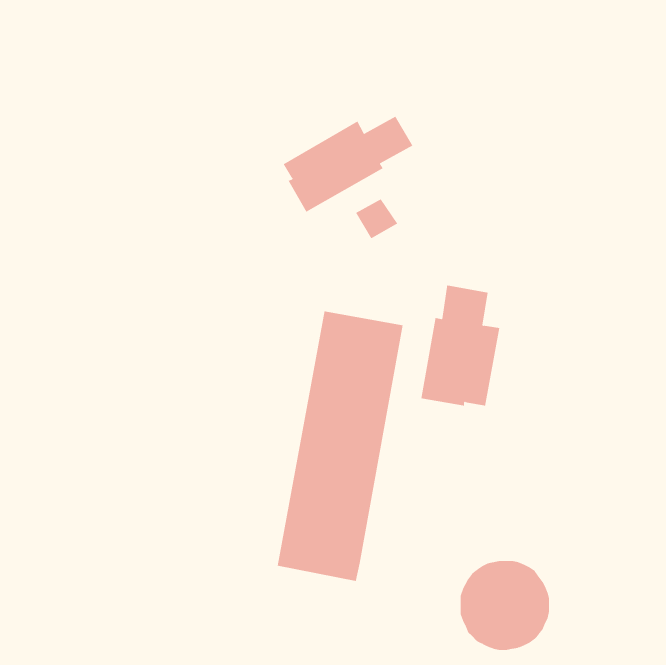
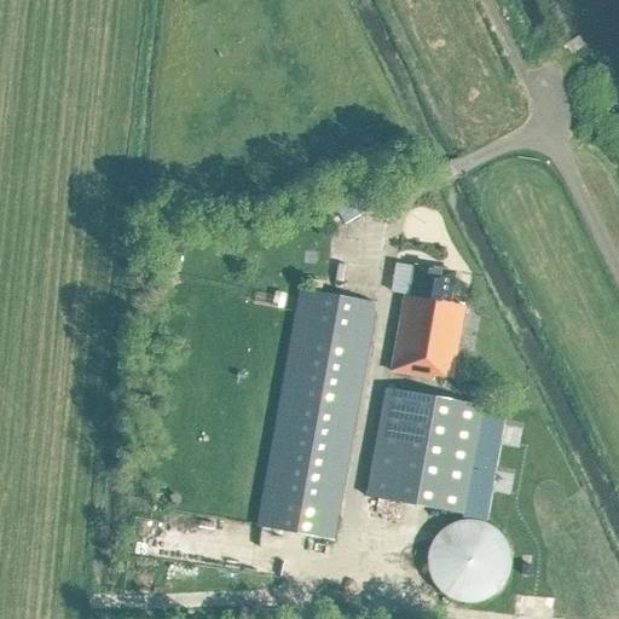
building: [283,116,413,213] -> none
building: none -> [366,387,525,519]

